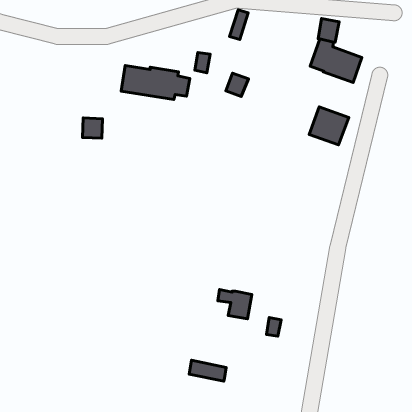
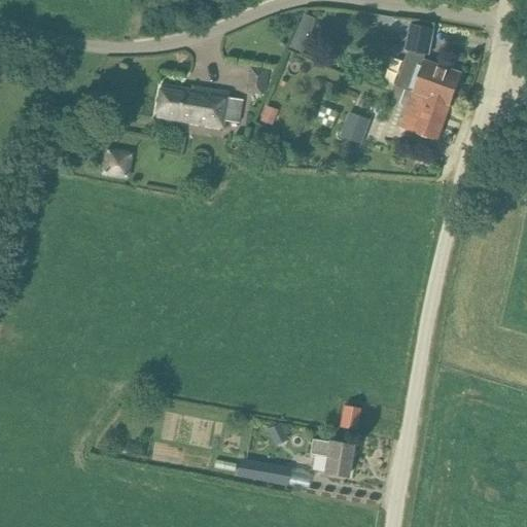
building: [226,73,249,97] -> [341,112,370,142]
building: [309,107,349,145] -> [399,92,450,140]
building: [218,290,252,319] -> [309,438,352,476]

